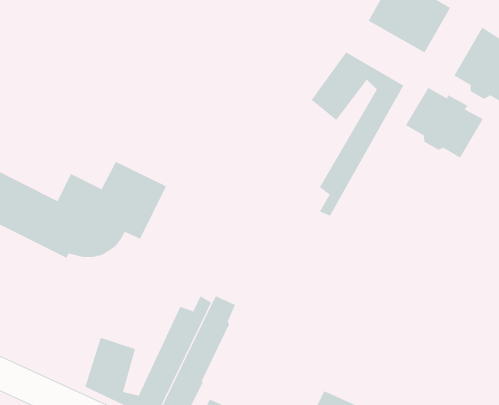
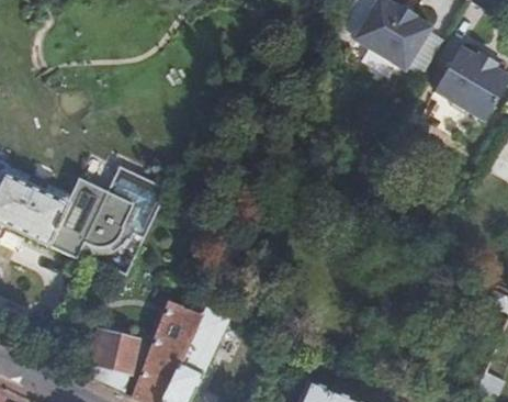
building: [311,52,404,216] -> none
building: [405,87,483,159] -> none

